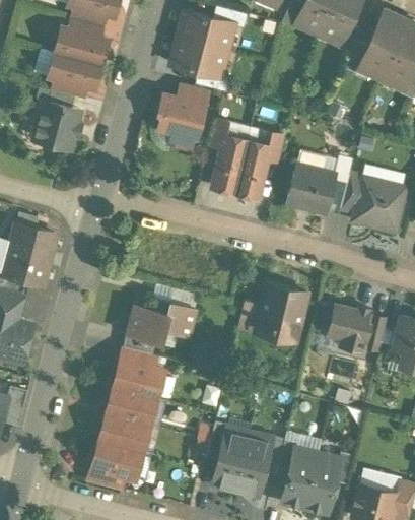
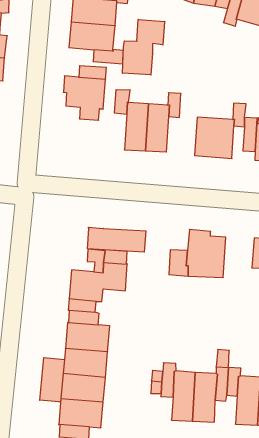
building: none -> [122,19,165,75]
building: none -> [88,227,146,252]
building: none -> [40,358,64,402]

